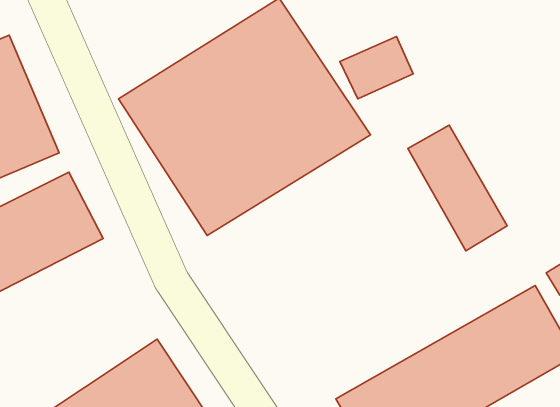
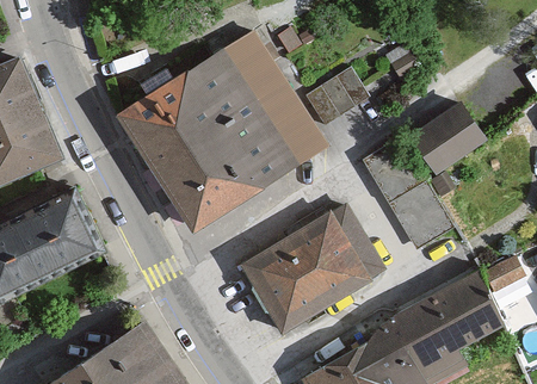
building: none -> [412,109,486,176]
building: none -> [236,199,383,334]

